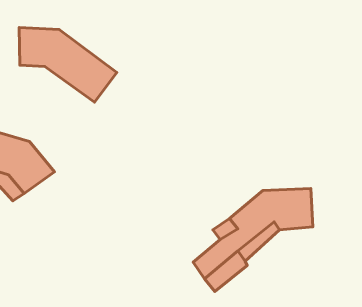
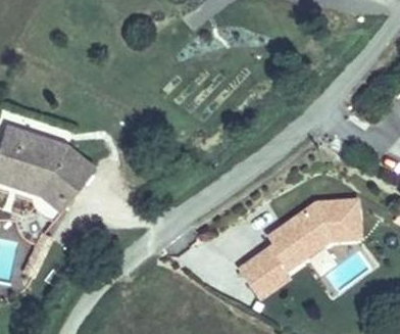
building: [19,27,117,102] -> none

